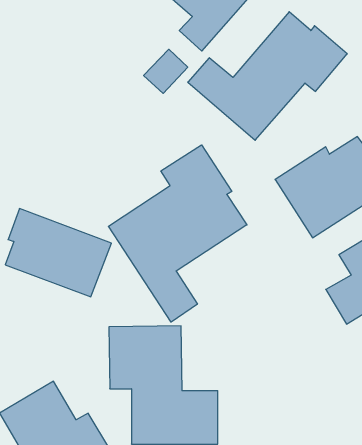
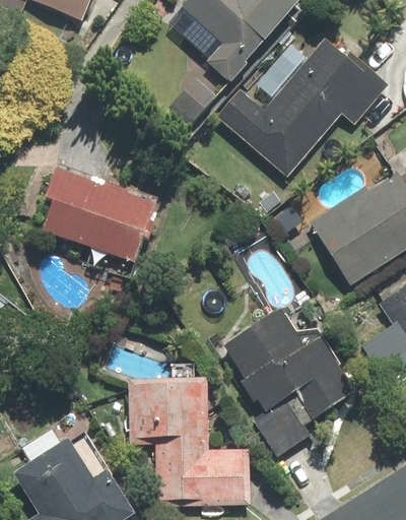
building: [108,145,247,322] -> none
building: [5,209,111,297] -> [41,169,155,264]
building: none -> [224,310,353,453]

